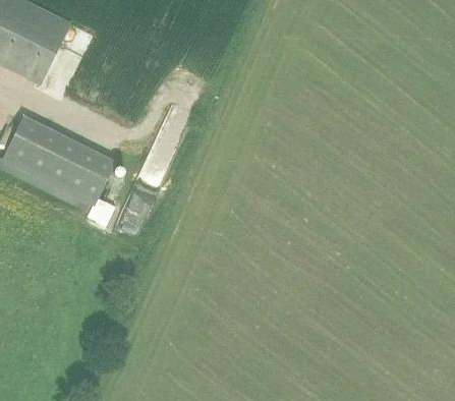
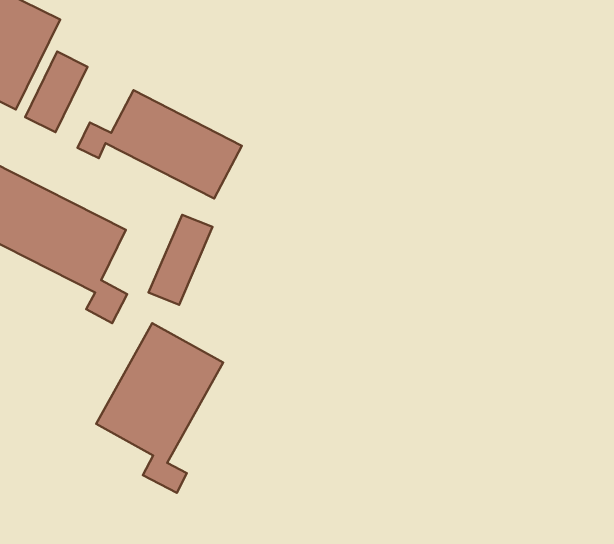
building: none -> [78,90,242,199]
building: none -> [96,323,223,493]

